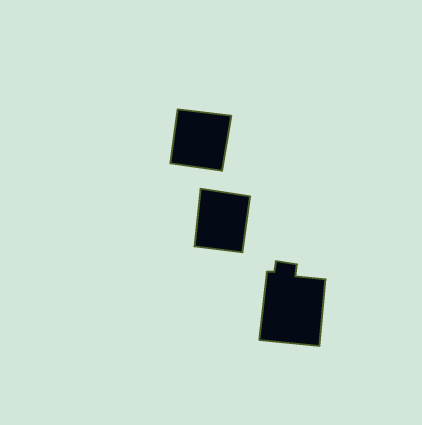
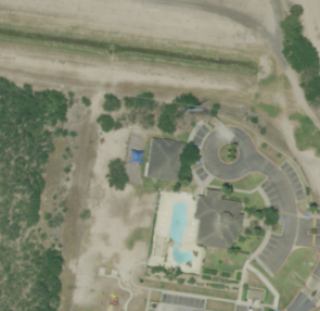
building: [170,109,231,171] -> none

